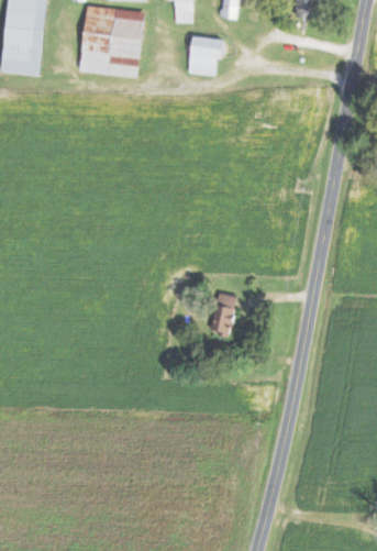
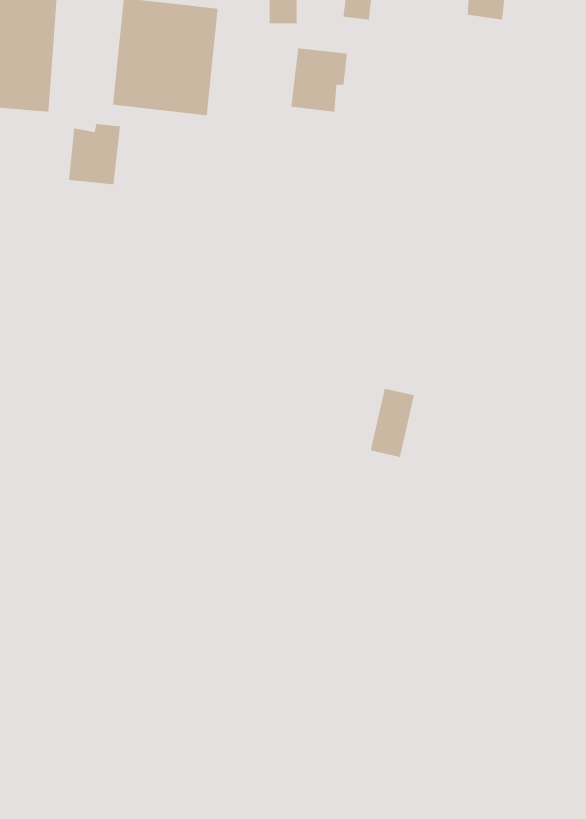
building: none -> [68,123,121,185]
building: [210,290,237,333] -> [370,388,415,458]

